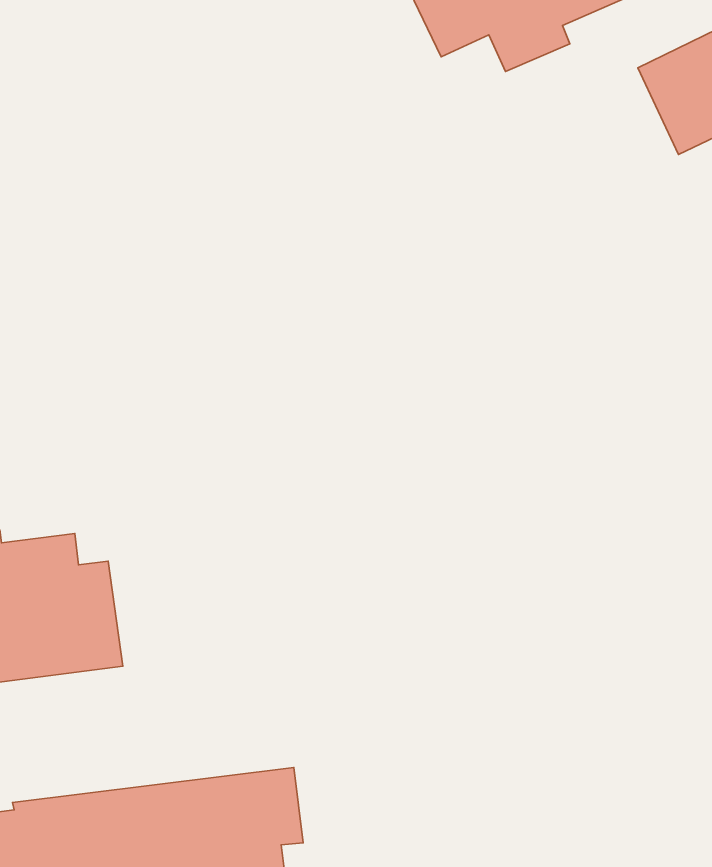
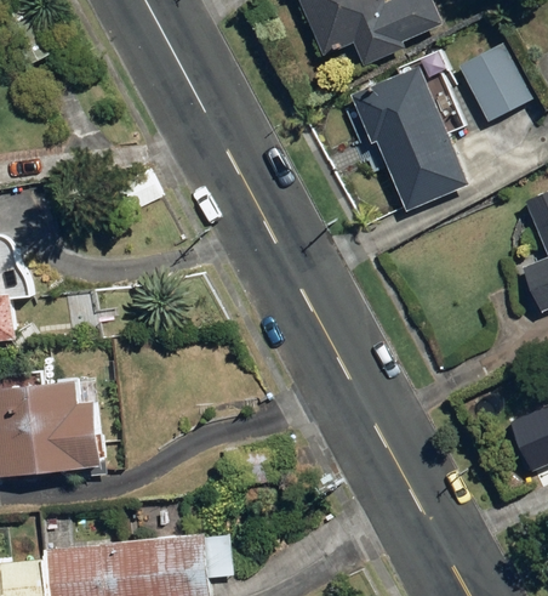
building: none -> [350,55,469,206]

